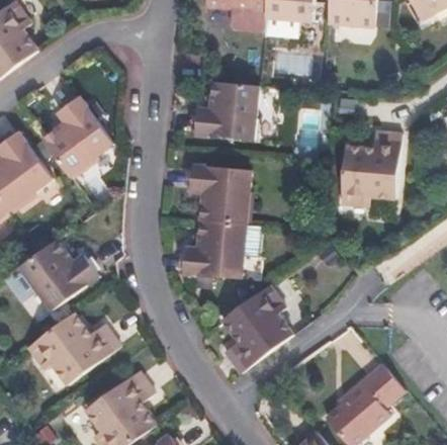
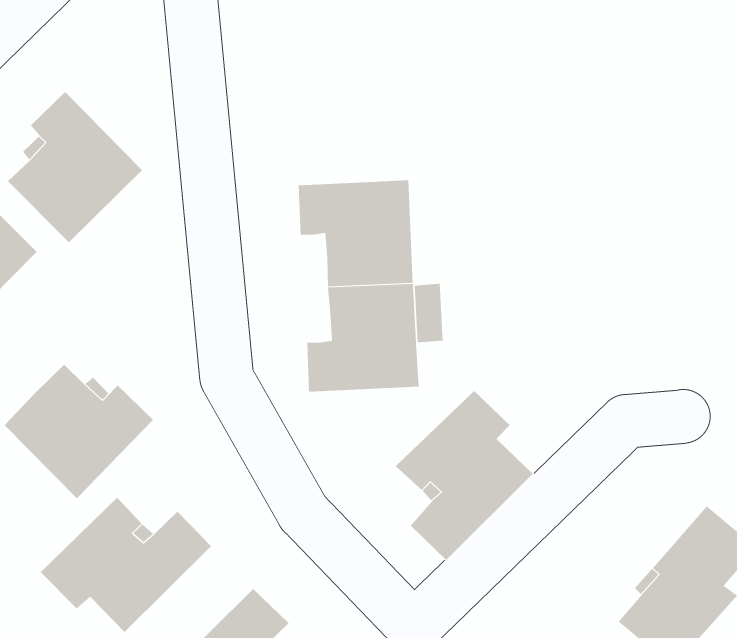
building: [194,81,259,140] -> none
building: [341,130,401,205] -> none

